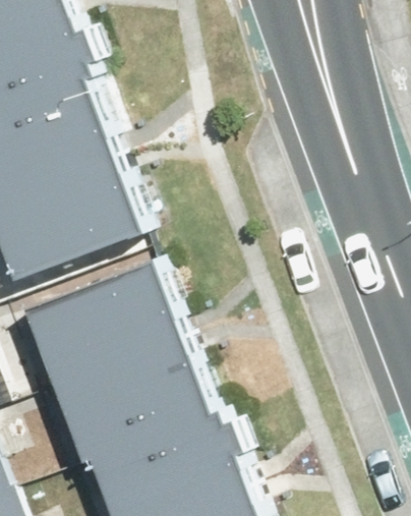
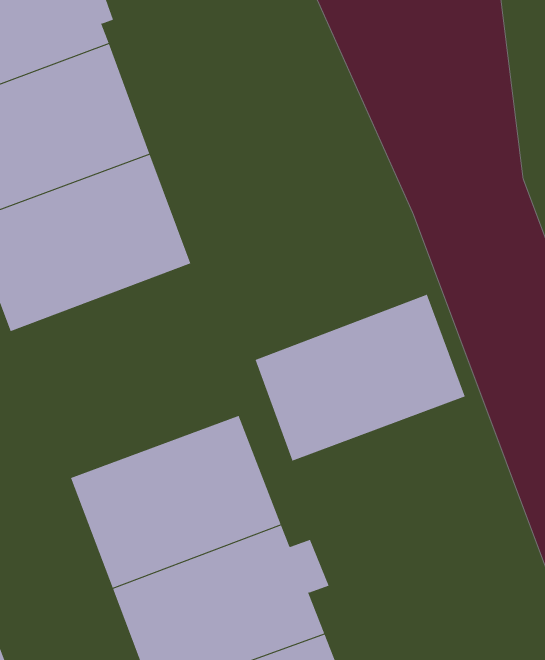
building: none -> [255,294,465,462]
building: [35,262,181,382] -> none

